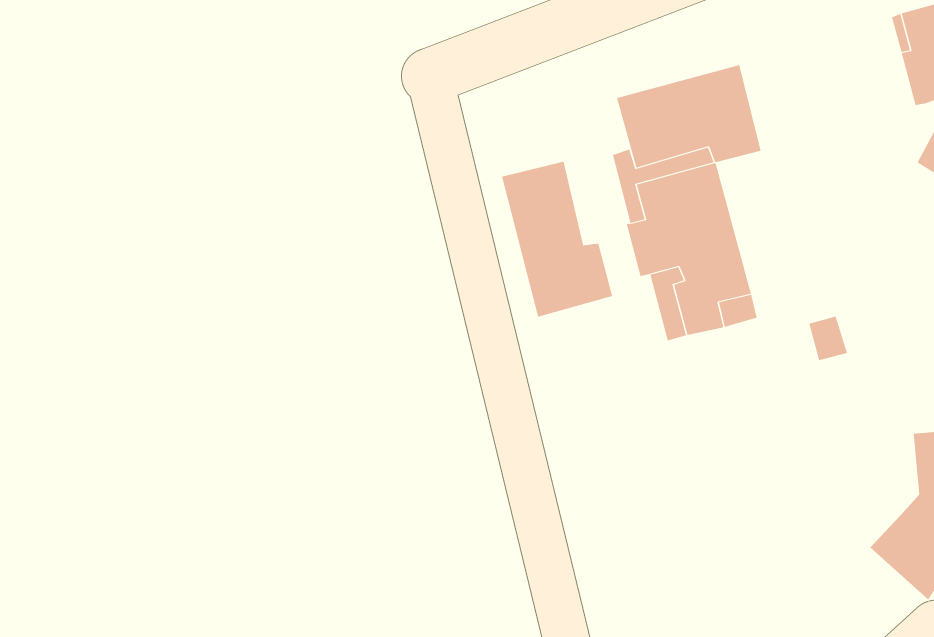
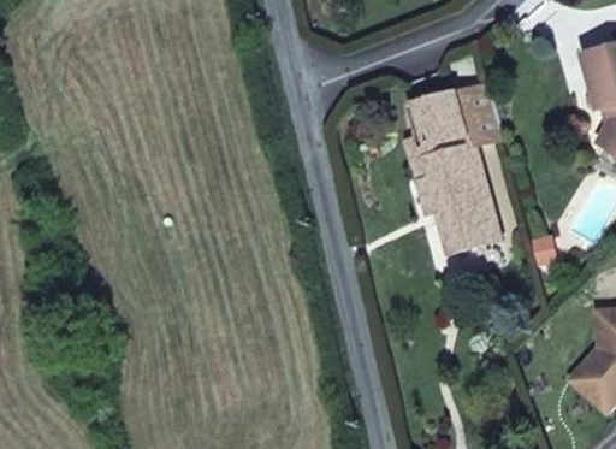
building: [501,161,613,318] -> none

